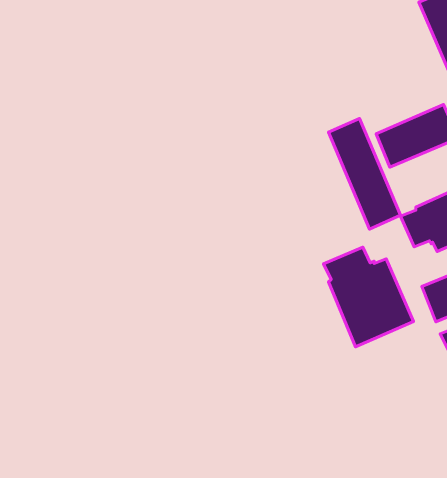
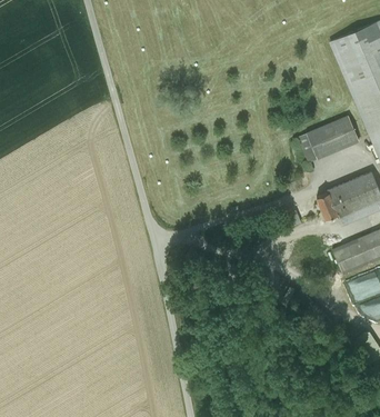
building: [329,118,401,229] -> none
building: [324,247,414,347] -> none

